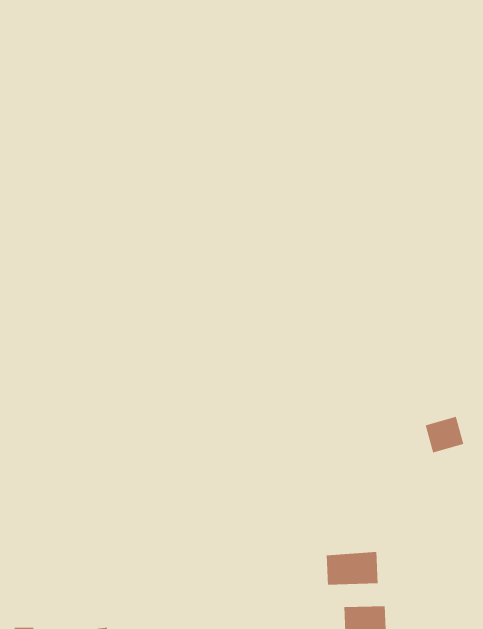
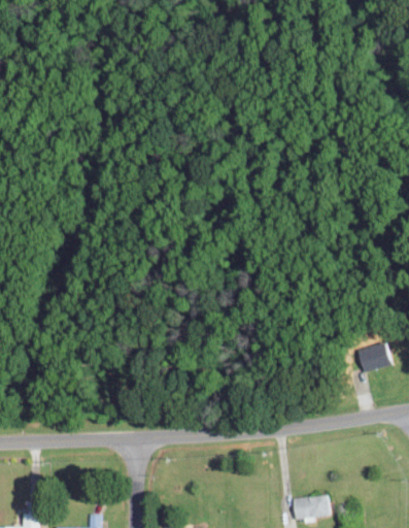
building: [326,551,378,586] -> none

